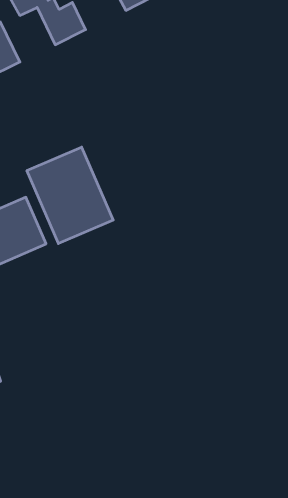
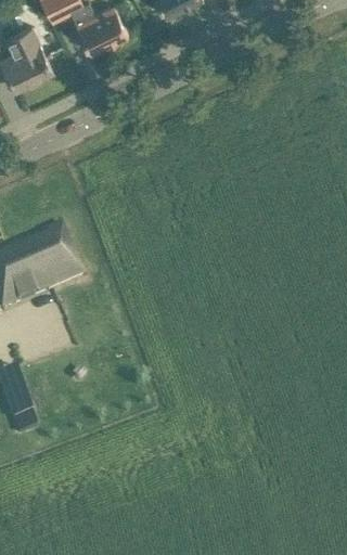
building: [27,147,113,244] -> none

